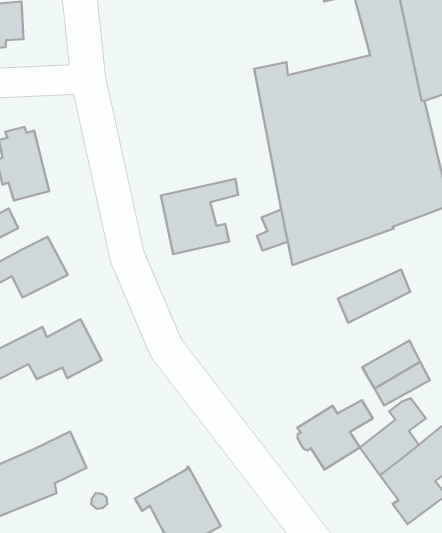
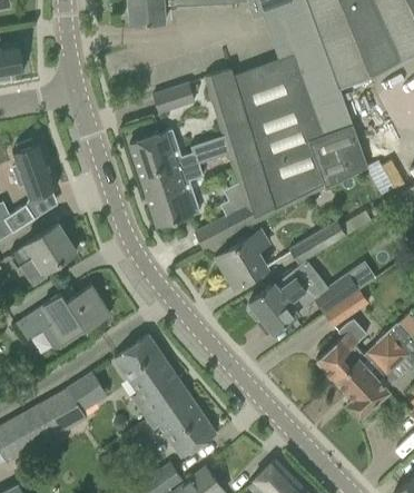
building: none -> [152,83,195,114]
building: none -> [129,132,199,183]
building: none -> [195,208,250,249]
building: none -> [216,230,268,288]
building: none -> [114,335,181,420]
building: [297,400,373,470] -> [248,277,306,334]

